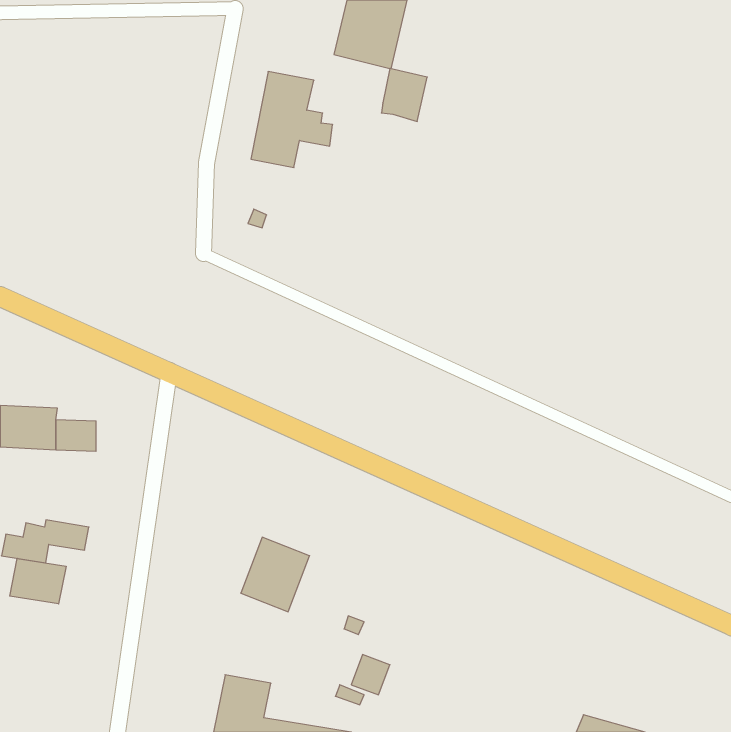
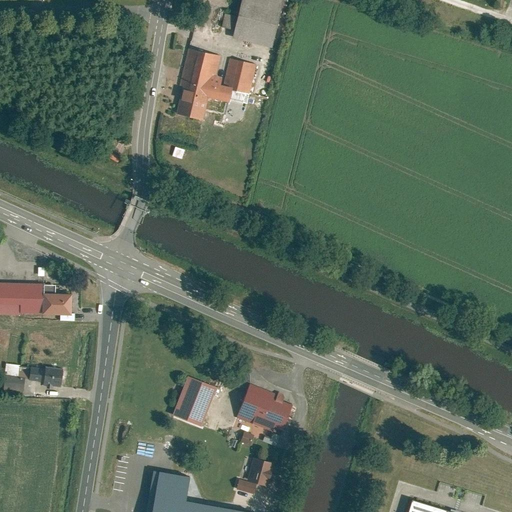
building: [381,68,427,121] -> [225,55,257,92]
building: none -> [237,384,295,431]
building: [10,558,66,604] -> none

